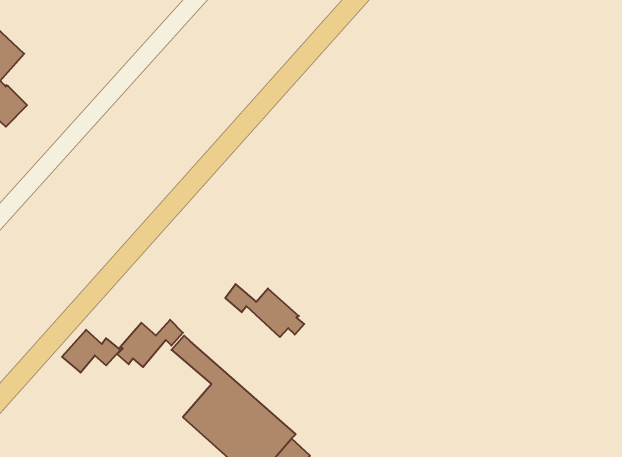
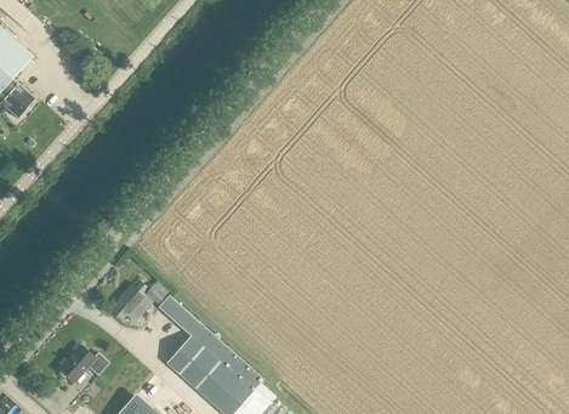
building: [225,284,304,337] -> none
building: [62,330,120,373] -> [59,345,109,381]

